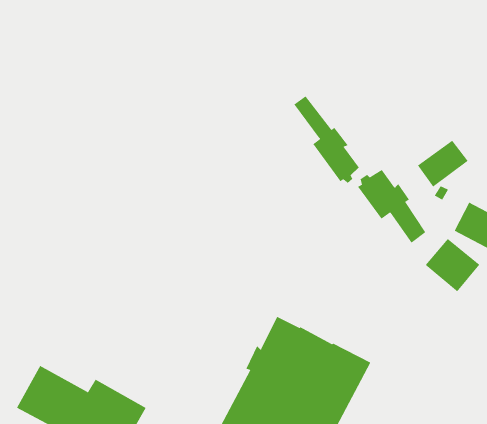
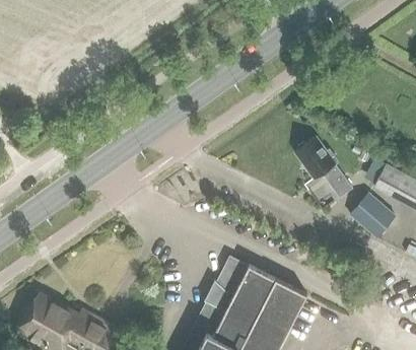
building: [293,96,360,184] -> none
building: [417,140,468,187] -> none

